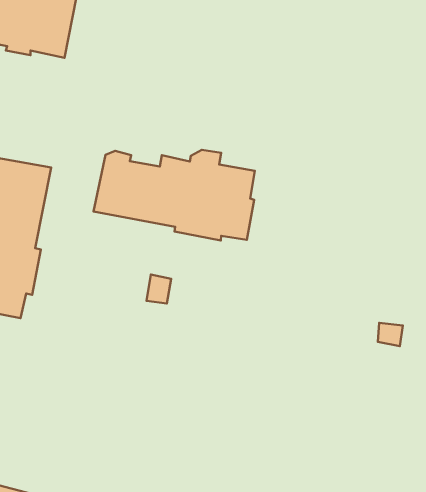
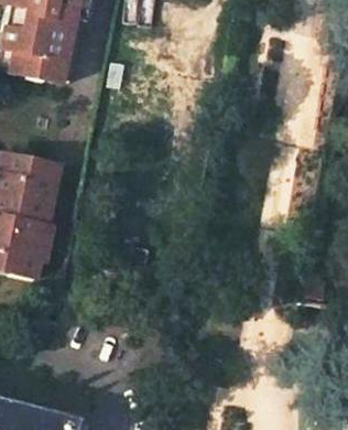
building: [93,150,255,240] -> none

